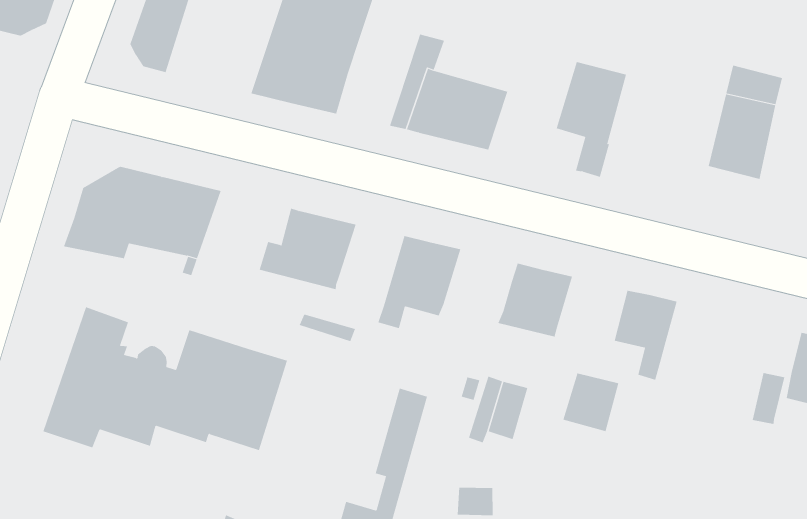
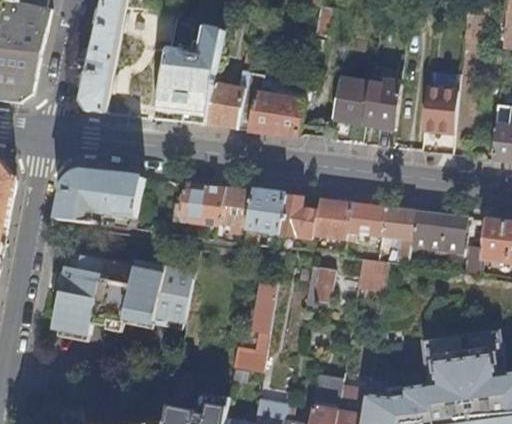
building: none -> [204,70,246,128]
building: none -> [362,78,398,127]
building: none -> [216,187,251,232]
building: none -> [277,194,316,247]
building: none -> [346,202,383,236]
building: none -> [408,209,463,250]

